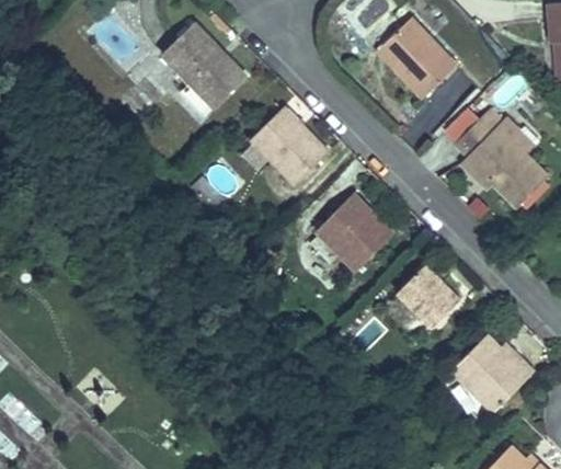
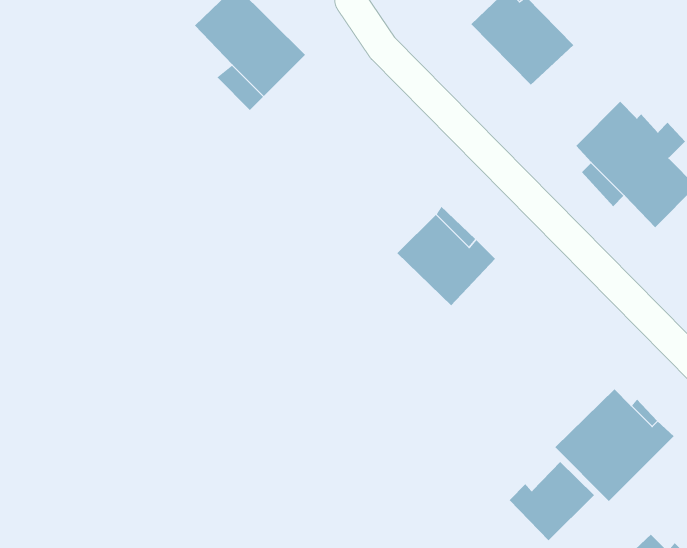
building: [249,102,339,192] -> none
building: [396,262,461,328] -> none
building: none -> [509,461,595,541]

